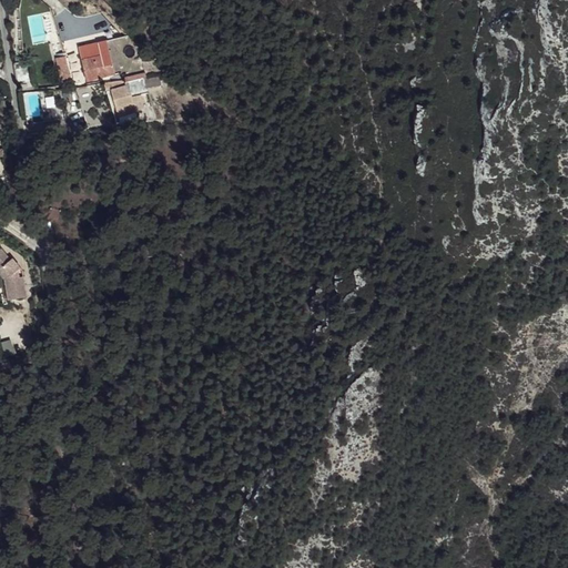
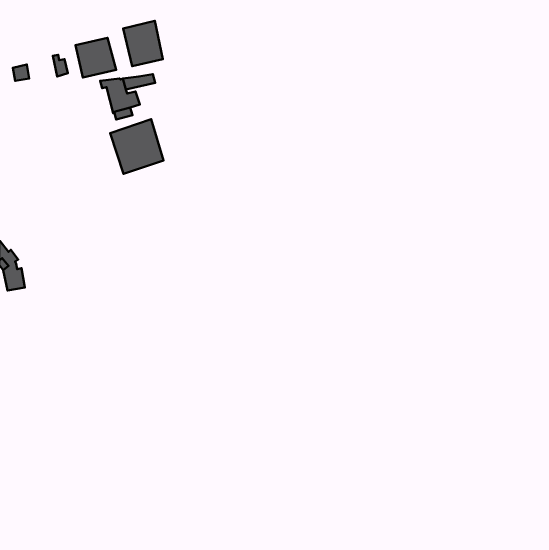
building: none -> [123,21,163,66]
building: none -> [110,119,164,174]

